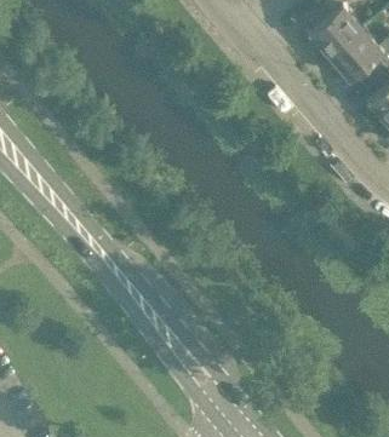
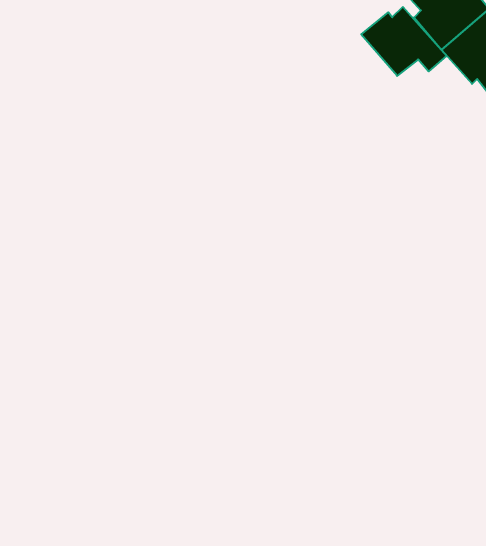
building: none -> [361,7,447,76]

